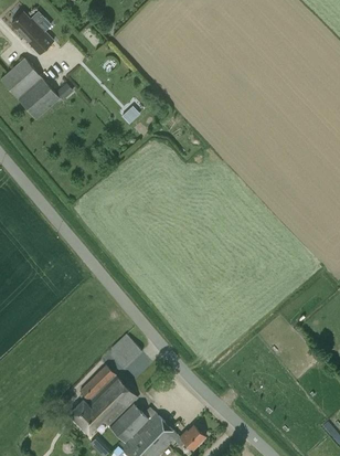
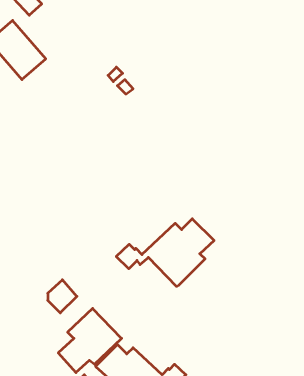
building: none -> [116,219,214,286]
building: [111,333,142,369] -> [48,280,77,313]

